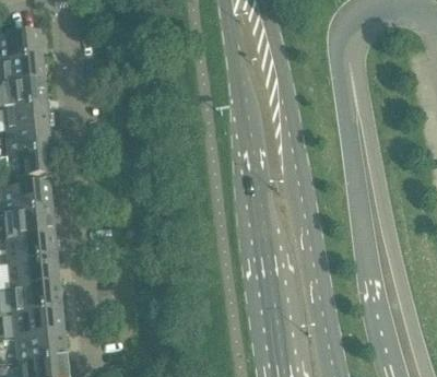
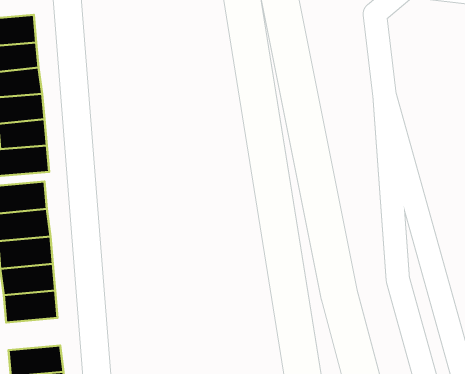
building: [12,303,61,332] -> none

